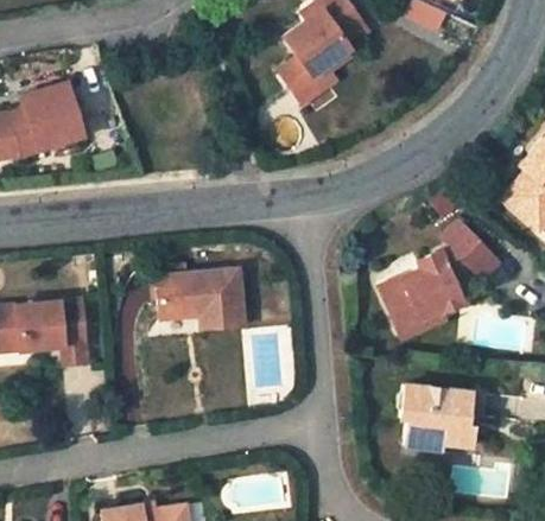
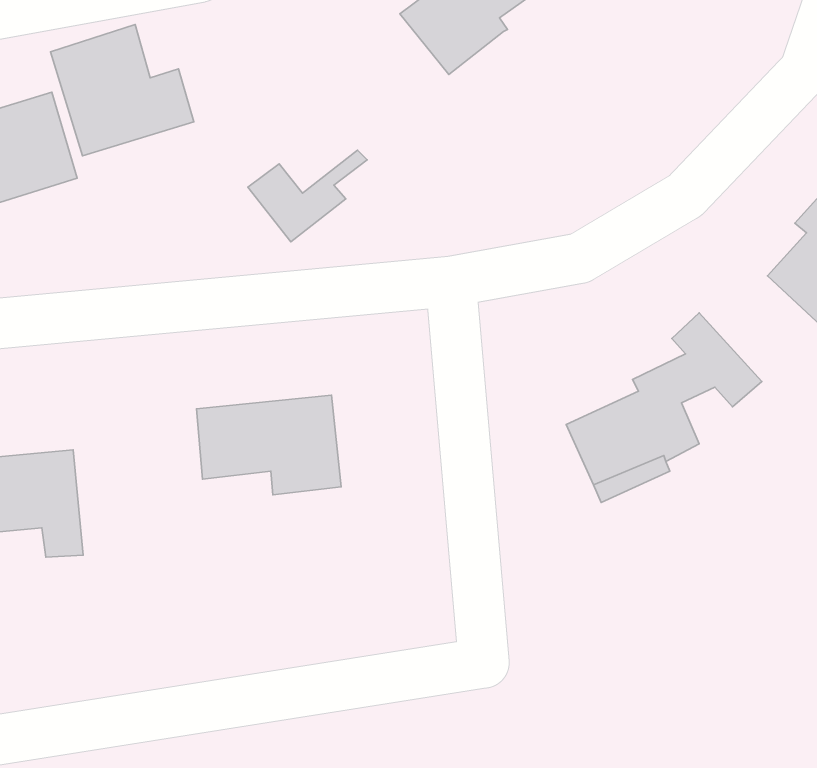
building: none -> [51,25,194,156]
building: [277,46,349,102] -> [248,150,367,242]
building: [407,380,483,450] -> none

